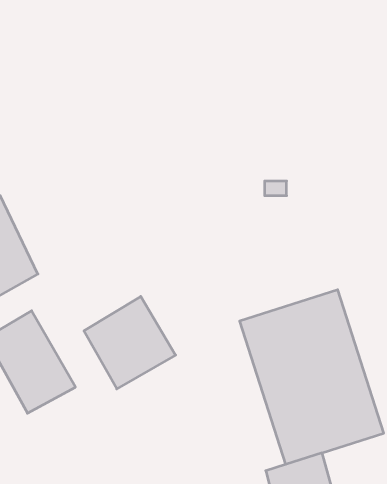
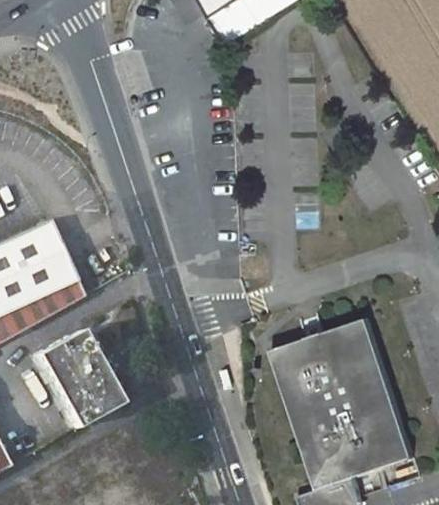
building: [84,296,176,389] -> none

